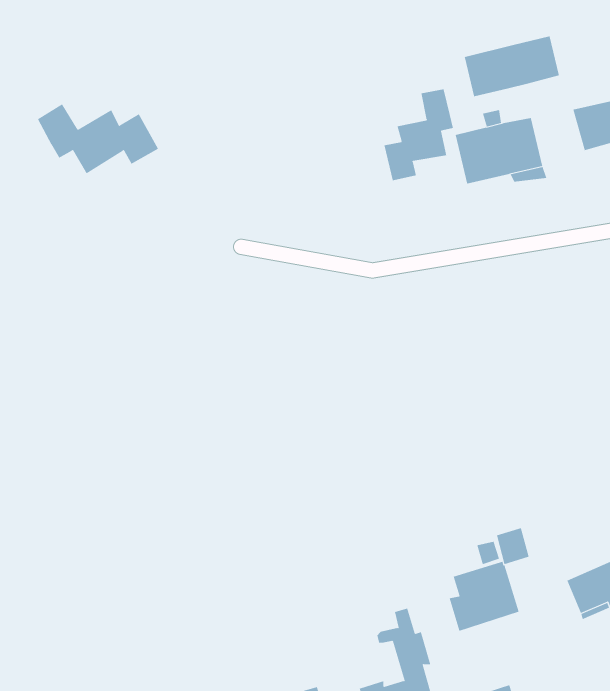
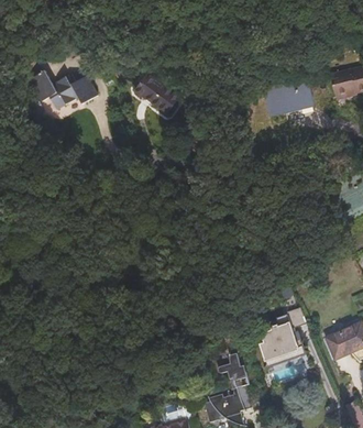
building: [464,35,559,97] -> none
building: [384,88,454,181] -> none
building: none -> [134,74,179,113]

